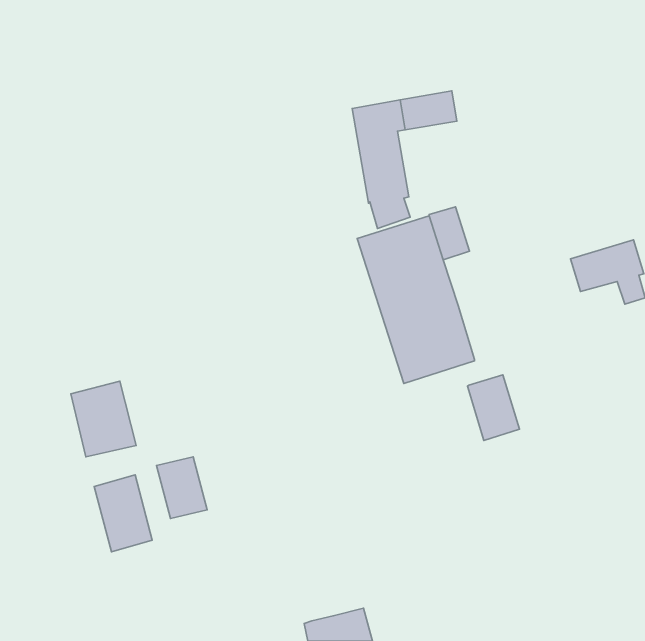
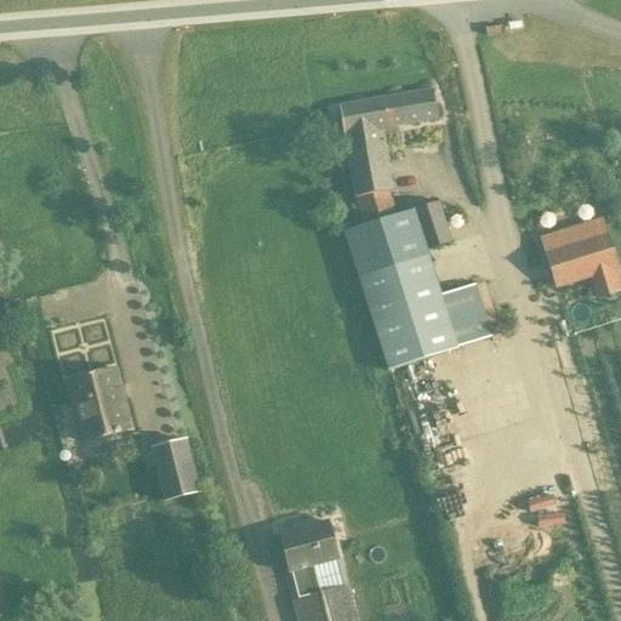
building: [468,375,519,441] -> [440,283,490,346]
building: [94,475,152,552] -> none
building: none -> [279,519,337,597]

